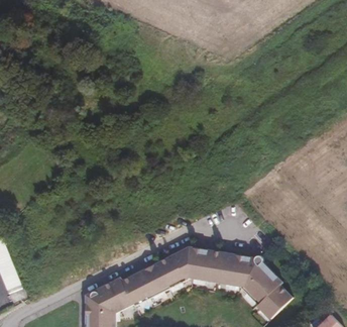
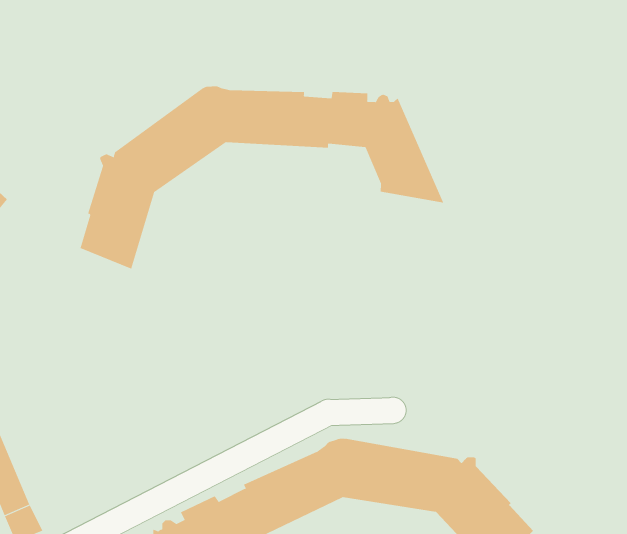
building: none -> [80,85,444,270]

